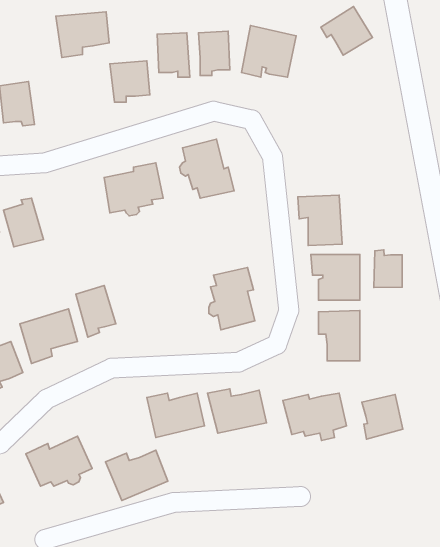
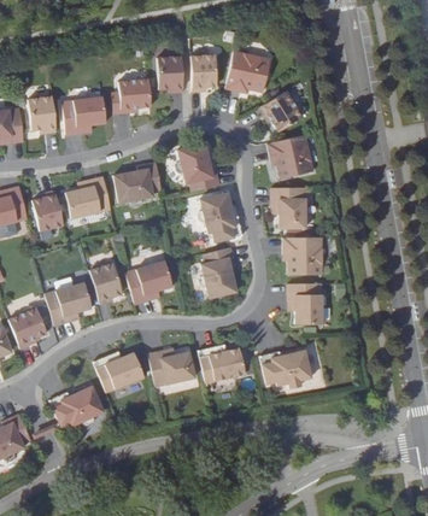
building: [321,7,373,55] -> [259,90,301,130]
building: [56,12,109,58] -> [61,96,105,134]
building: none -> [266,134,313,178]
building: none -> [65,176,111,218]
building: none -> [197,192,242,241]
building: [374,250,402,287] -> none
building: none -> [125,260,172,304]
building: [362,395,403,439] -> none
building: [106,450,168,500] -> [93,351,143,392]

